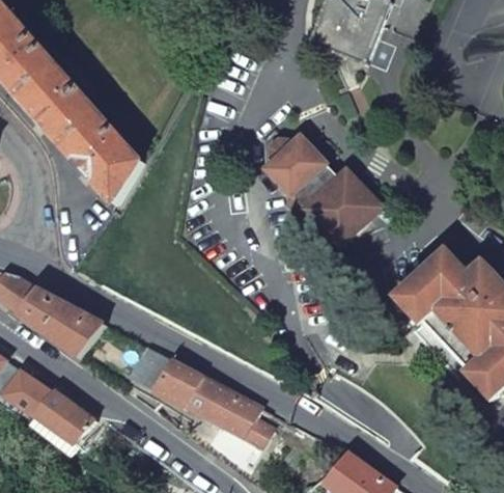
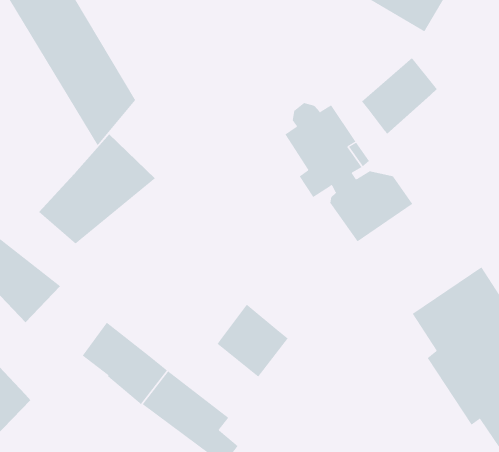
building: none -> [361,57,438,134]
building: none -> [38,133,156,245]
building: none -> [217,304,288,377]

